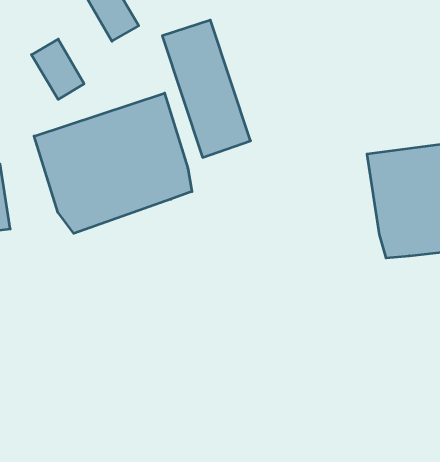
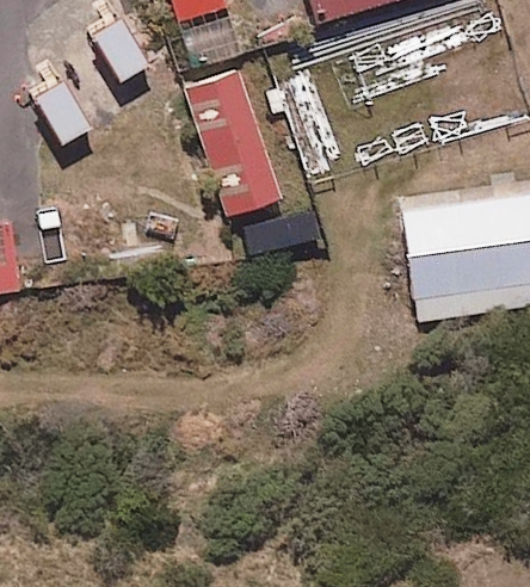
building: [34,93,192,233] -> none

